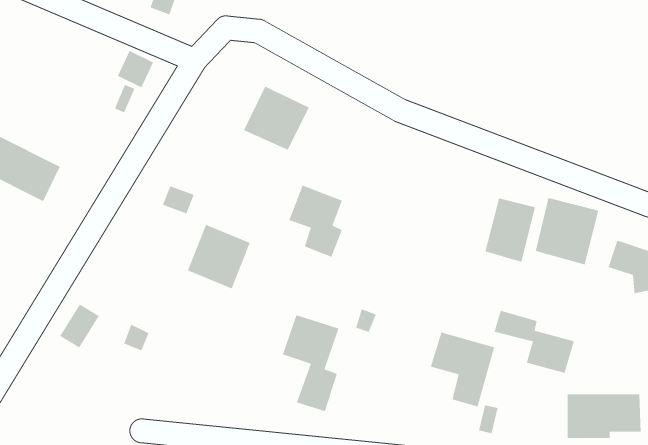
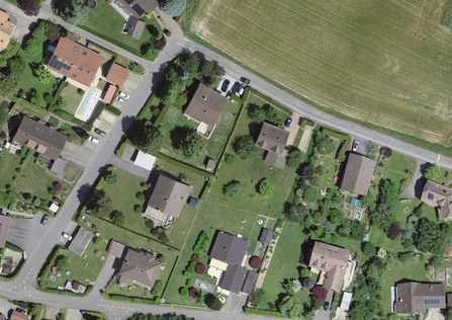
building: none -> [47,37,102,87]
building: [288,185,343,258] -> [253,121,288,168]
building: [535,197,599,266] -> none
building: [494,310,575,374] -> none
building: none -> [118,248,162,287]

